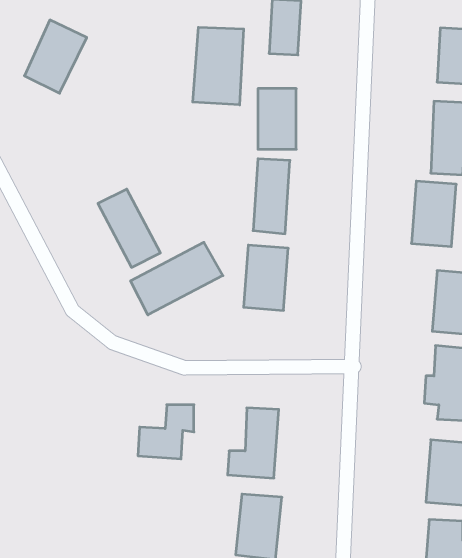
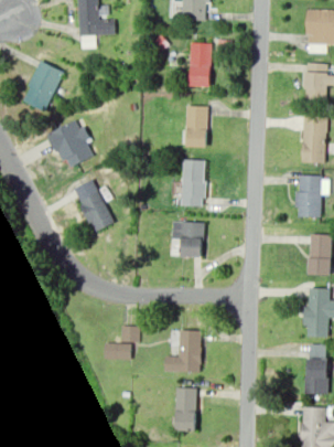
building: [193,27,244,105] -> none
building: none -> [46,119,95,169]
building: [131,242,223,315] -> none

